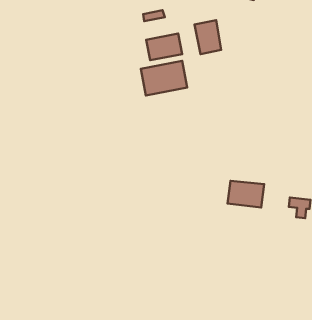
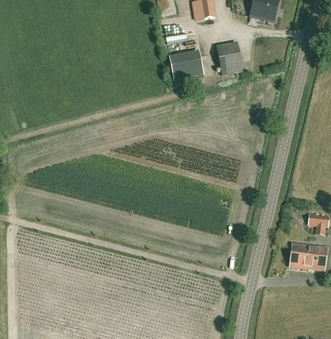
building: [141,61,187,96] -> none
building: [227,181,264,208] -> [290,243,326,269]

